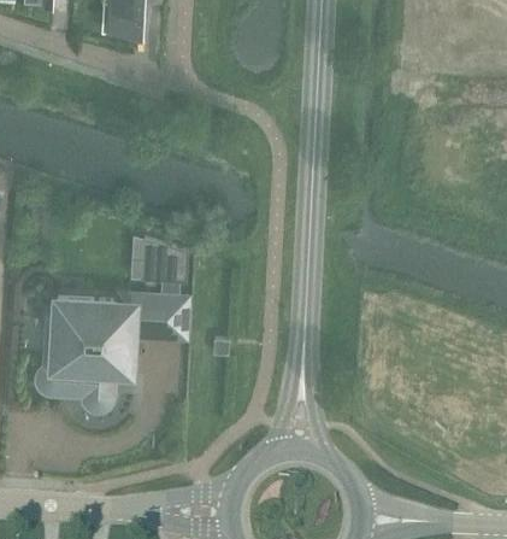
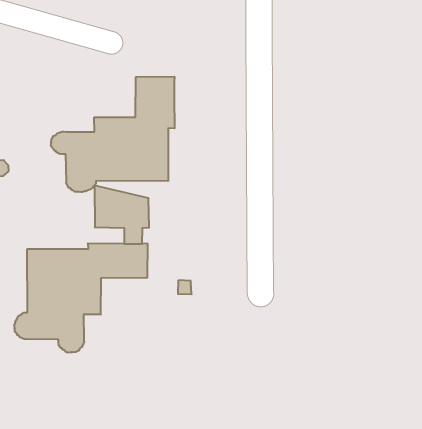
building: none -> [51,77,175,192]

